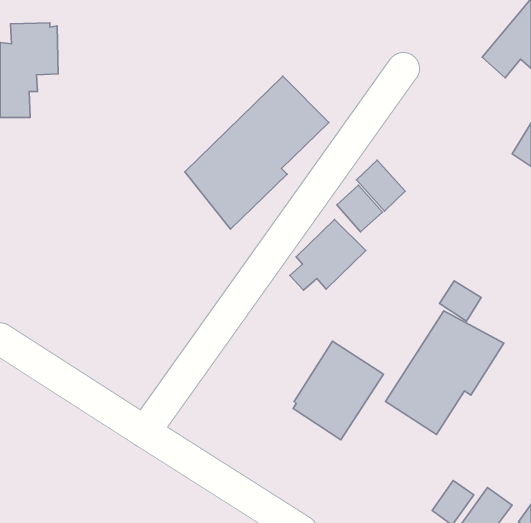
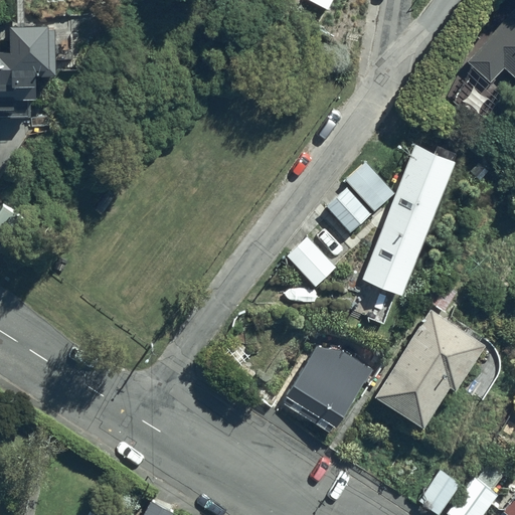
building: [185,76,329,229] -> none
building: none -> [351,131,462,307]

